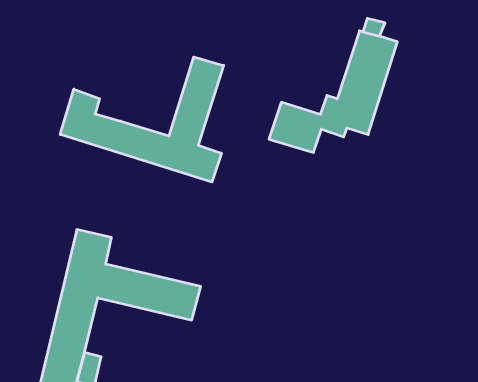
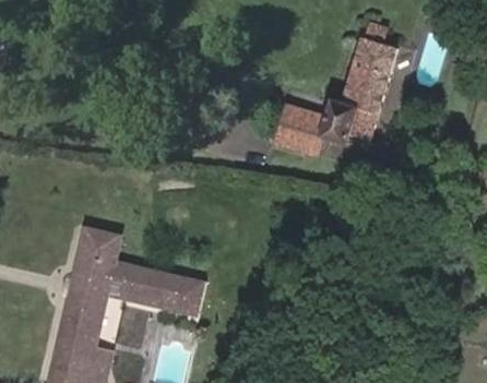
building: [60,57,224,182] -> none

